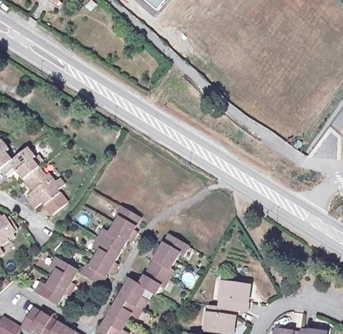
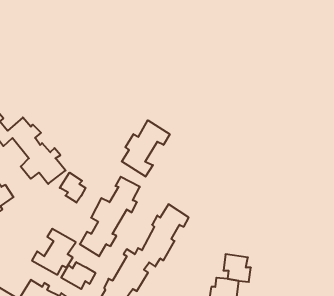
building: none -> [122,120,170,177]
building: none -> [60,173,86,203]
building: none -> [61,262,95,289]

